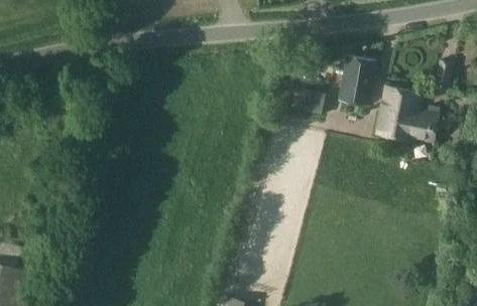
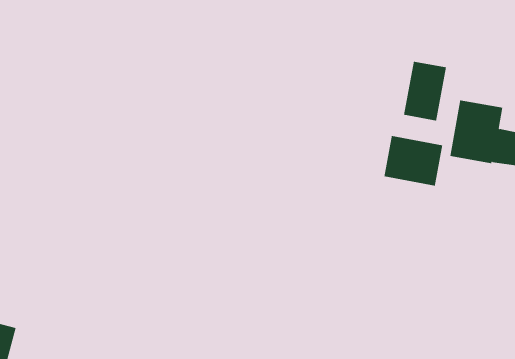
building: none -> [384,135,443,186]

